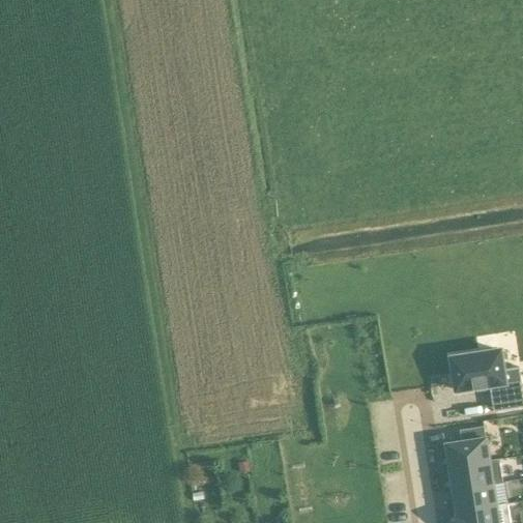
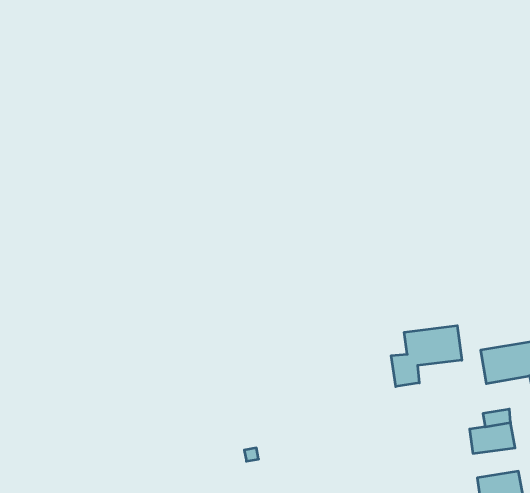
building: none -> [391,326,462,387]
building: [447,457,490,485] -> none

